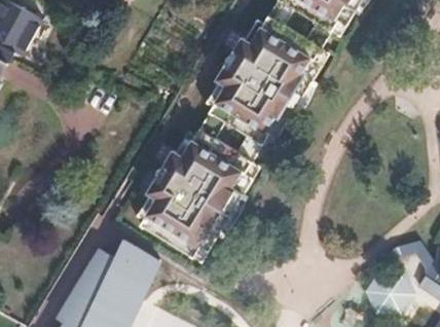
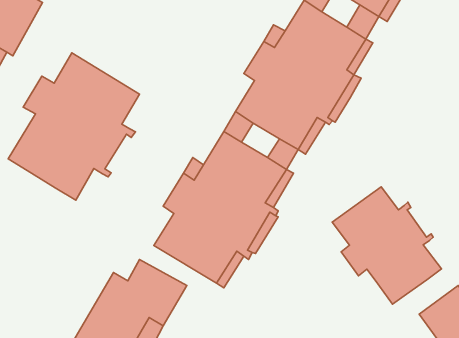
building: none -> [8,53,139,200]
building: none -> [332,187,441,304]

